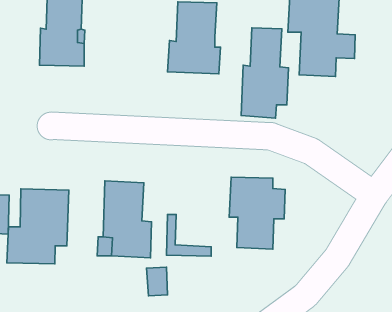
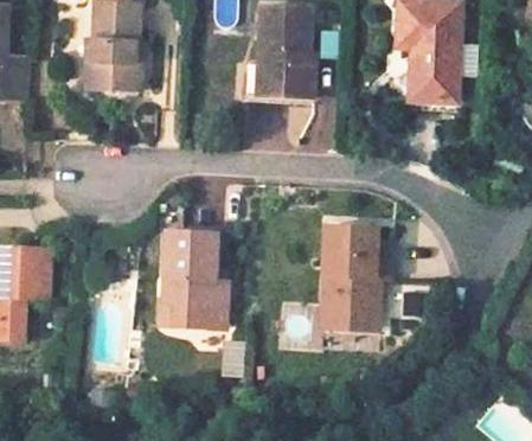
building: [241,28,289,118] -> none
building: [7,189,69,264] -> none
building: [167,215,211,256] -> [321,277,377,330]

